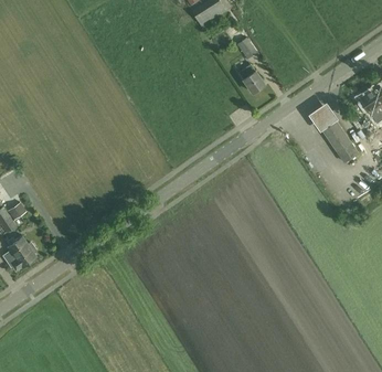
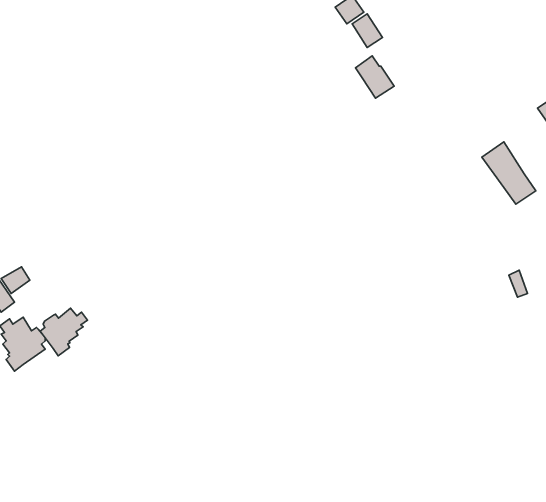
building: [308,103,338,132] -> none
building: none -> [40,308,88,356]

